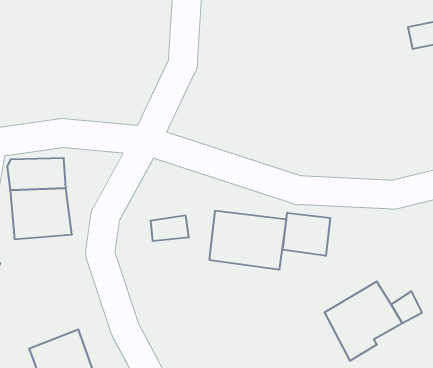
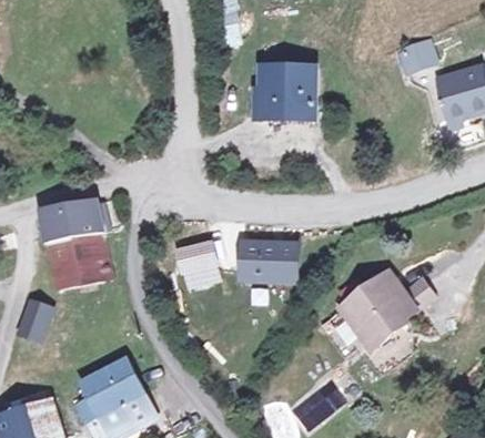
building: none -> [238,59,309,120]
building: [283,213,330,256] -> none

